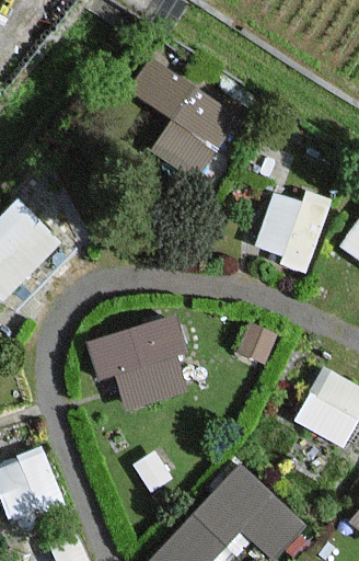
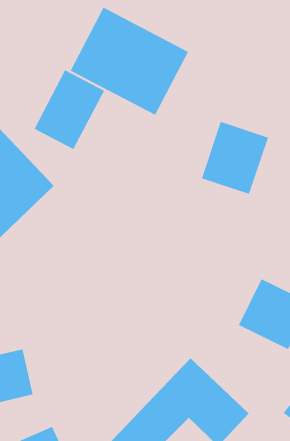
building: none -> [34,70,105,150]
building: [83,320,187,407] -> none

